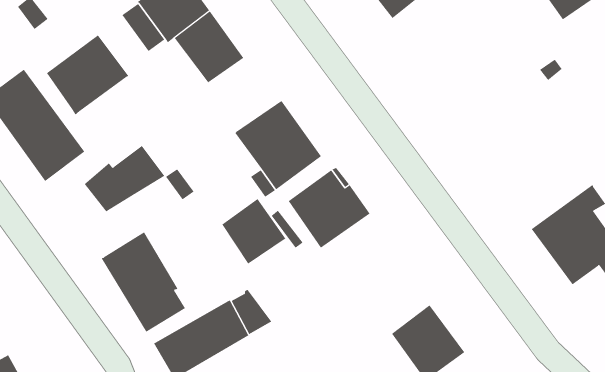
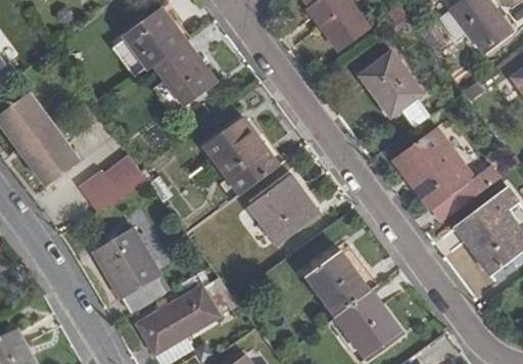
building: none -> [361,52,429,127]
building: [46,35,129,115] -> none
building: none -> [393,129,497,210]
building: [221,198,286,264] -> none
building: none -> [307,249,370,314]

